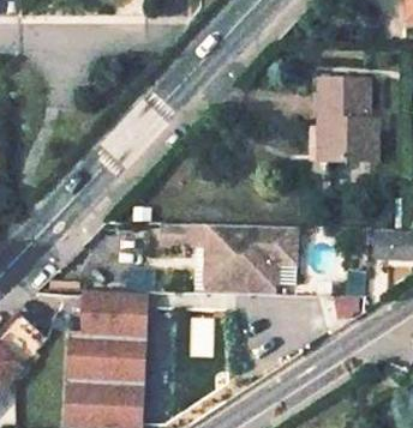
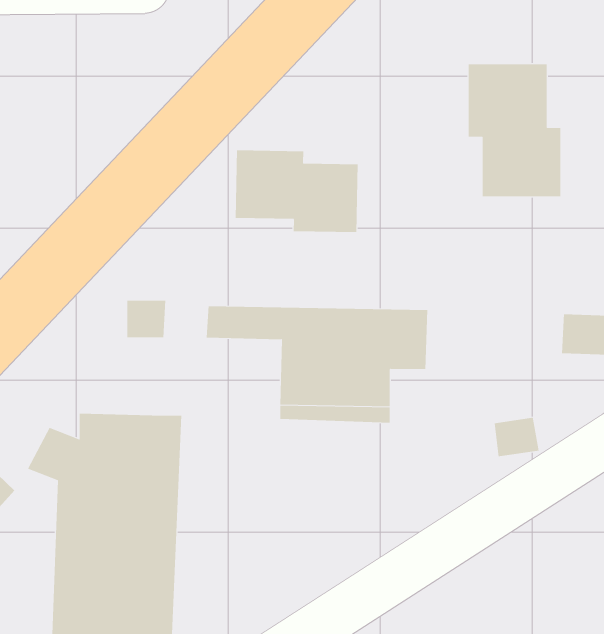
building: none -> [235,150,358,233]

